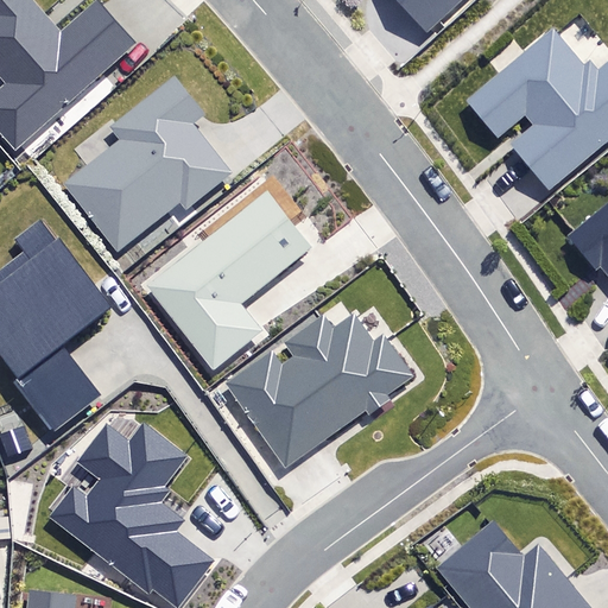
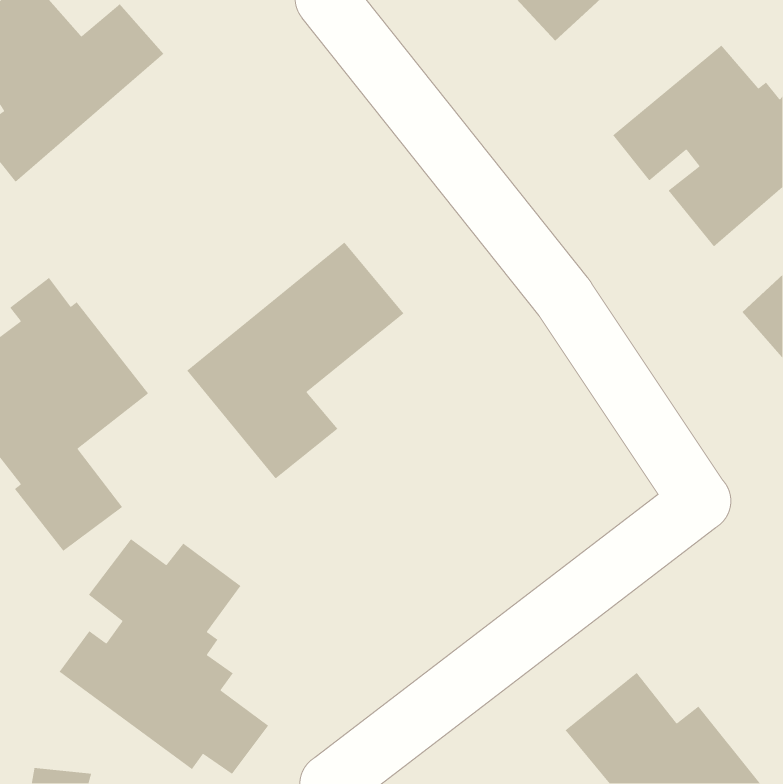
building: [66,82,235,255] -> none
building: [227,309,414,470] -> none

